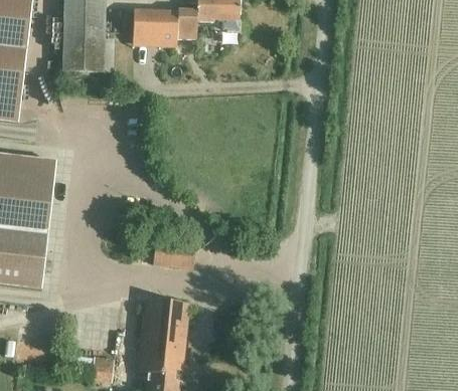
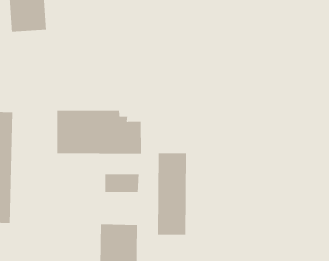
building: none -> [57,110,142,155]
building: none -> [157,152,187,235]

